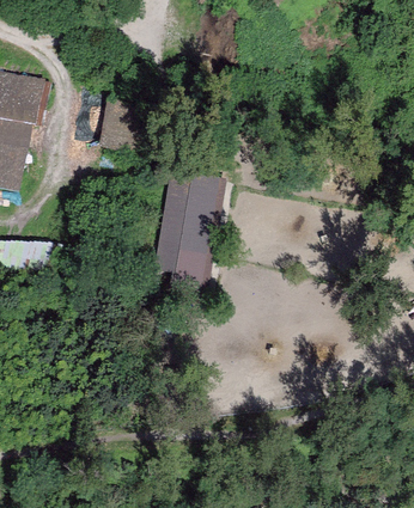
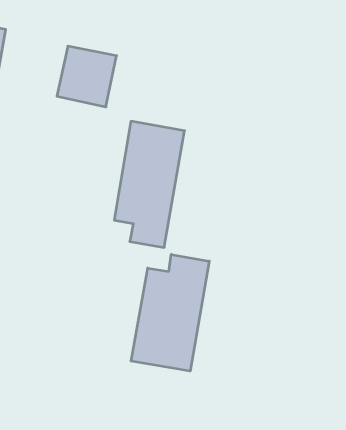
building: none -> [131,254,209,371]

